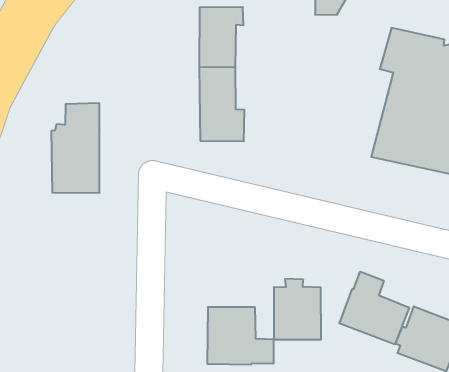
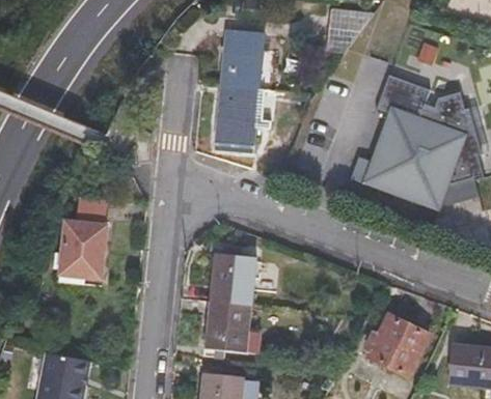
building: [51,103,100,193] -> [57,196,105,275]
building: [339,272,409,344] -> none
building: [274,279,321,340] -> [210,249,254,304]

